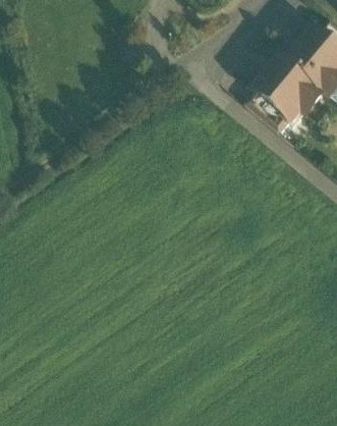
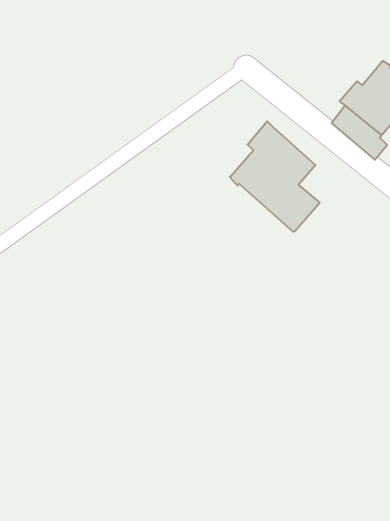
building: none -> [230,121,320,232]

